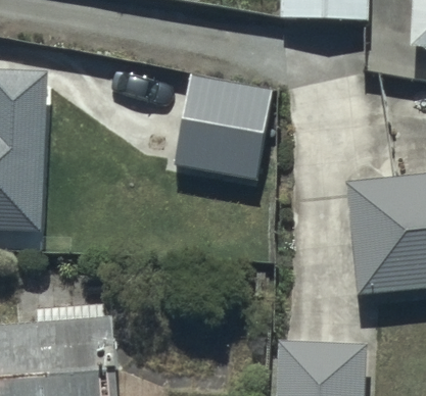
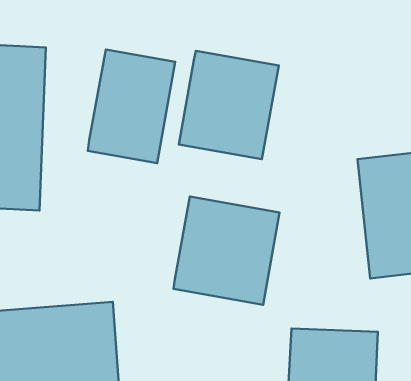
building: none -> [88,49,175,163]
building: none -> [174,197,279,305]

